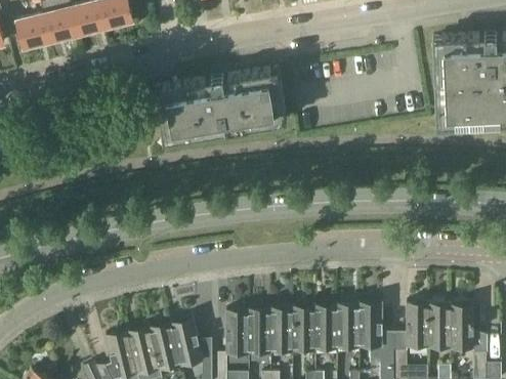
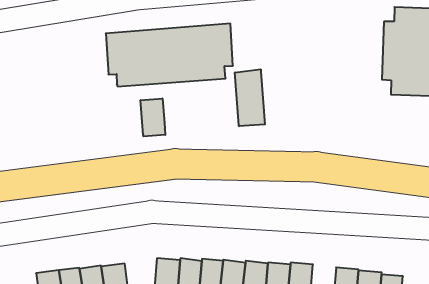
building: none -> [235,69,265,126]
building: none -> [141,98,165,136]

